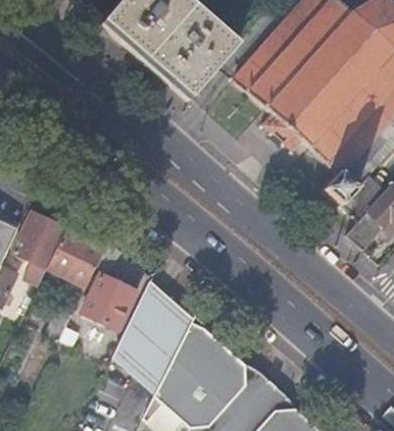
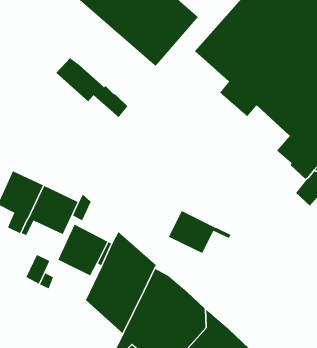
building: none -> [56,57,128,118]
building: none -> [168,210,231,254]

